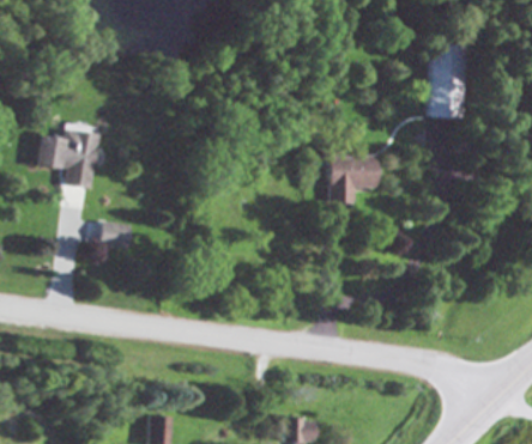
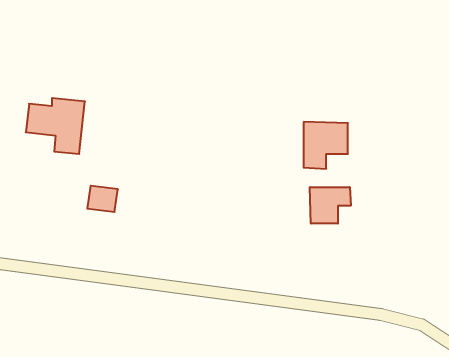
building: [430,44,465,118] -> none
building: none -> [310,187,351,224]

